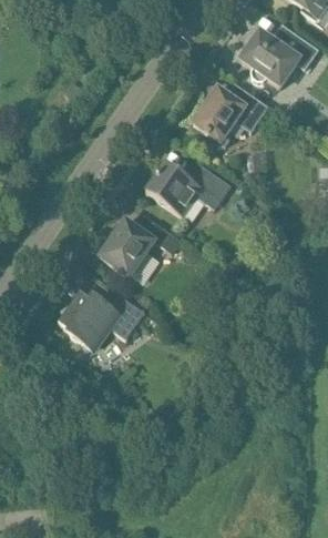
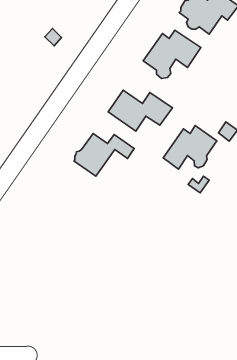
building: none -> [163,126,217,169]
building: [58,291,144,349] -> none

